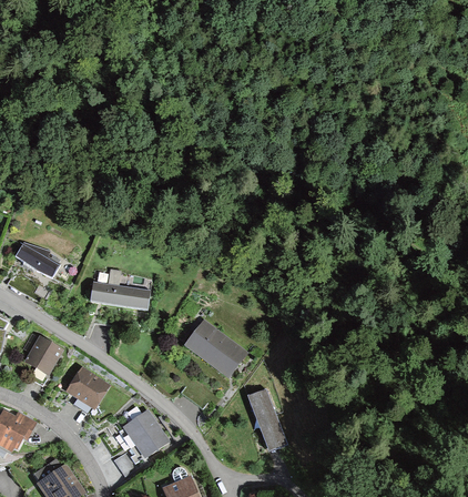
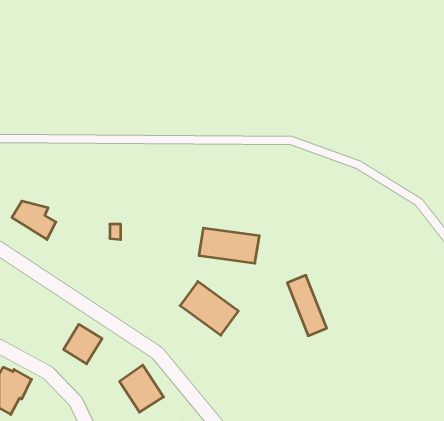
building: [90,280,151,315] -> [199,228,259,263]
building: [27,334,61,374] -> none
building: [246,390,286,452] -> [287,275,327,336]

